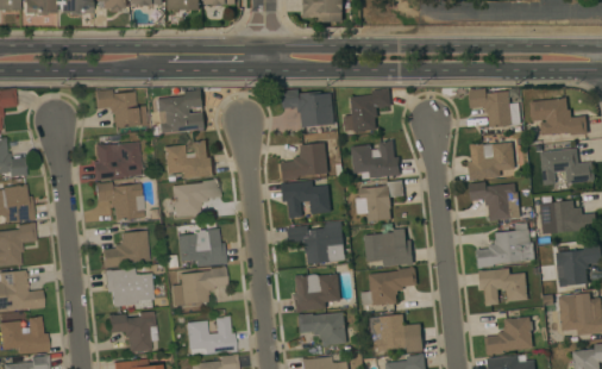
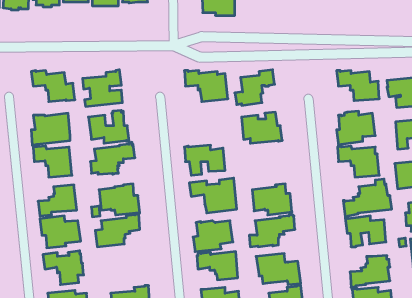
building: [281,143,328,181] -> none
building: [355,180,403,221] -> none
building: [186,317,236,355] -> none

